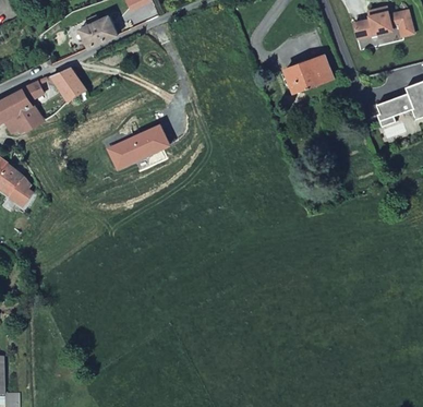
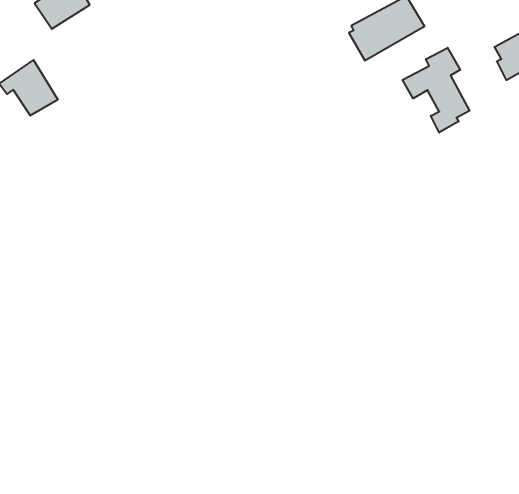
building: none -> [403,48,470,133]
building: [106,125,167,169] -> none

